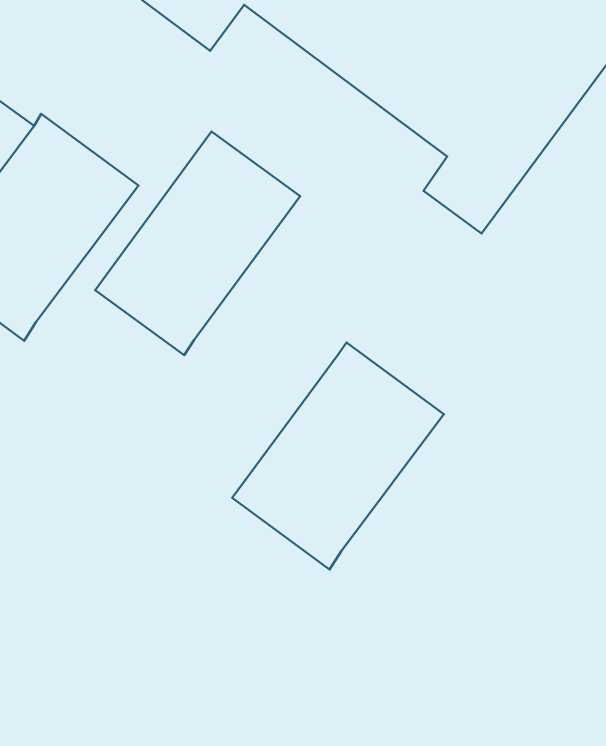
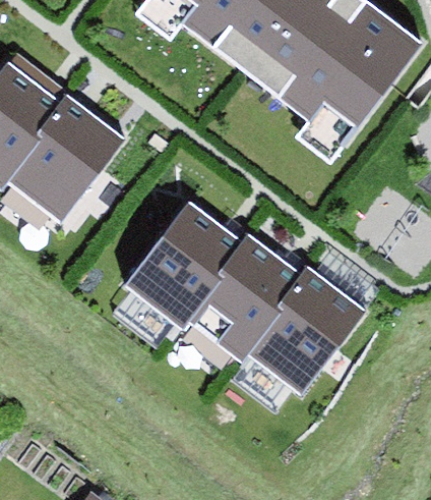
building: [95,131,300,355] -> [120,198,242,331]
building: none -> [244,265,370,398]

